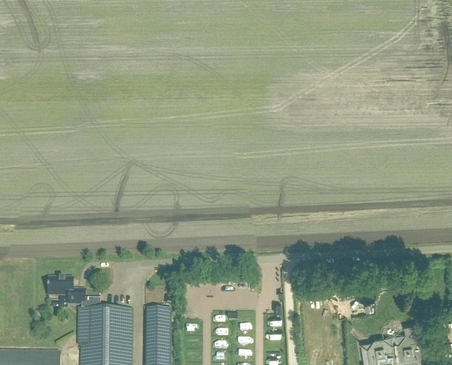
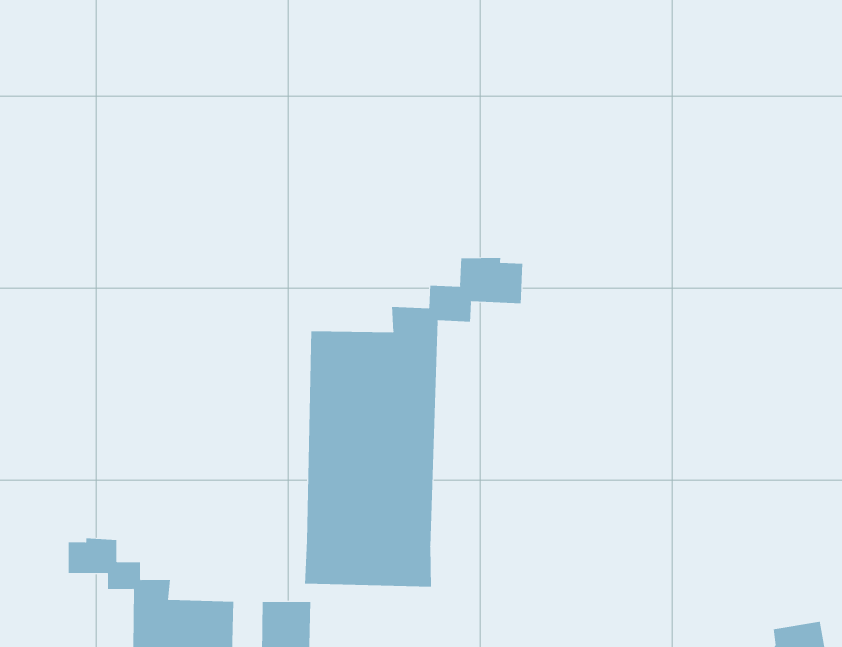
building: none -> [305,257,523,587]

